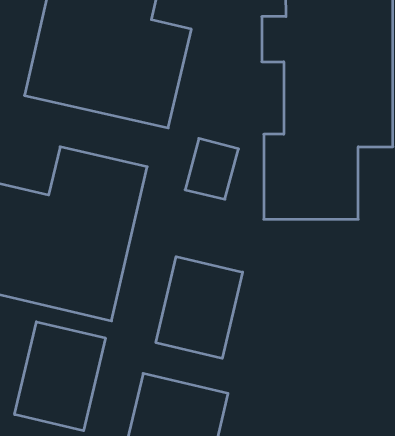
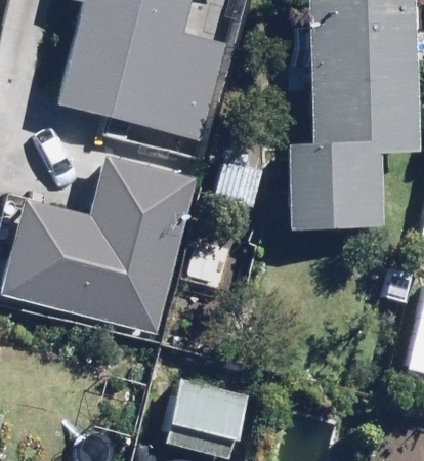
building: [156,257,243,358] -> none
building: [15,322,105,431] -> none

